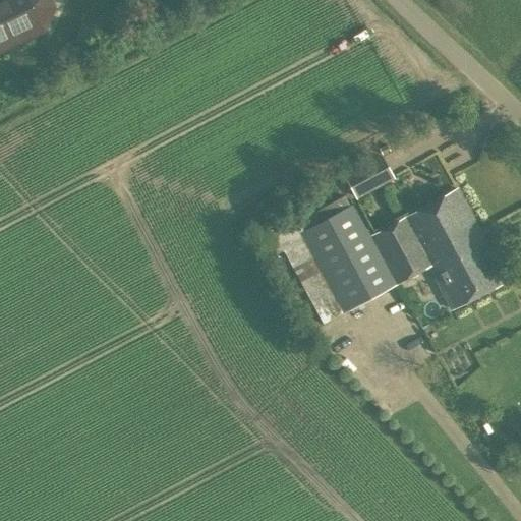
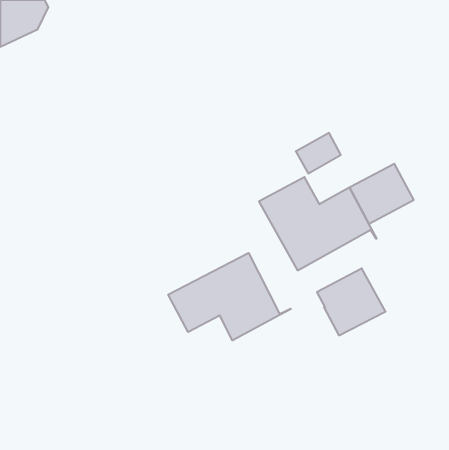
building: [427,231,507,308] -> [317,268,386,335]
building: none -> [168,253,291,340]

